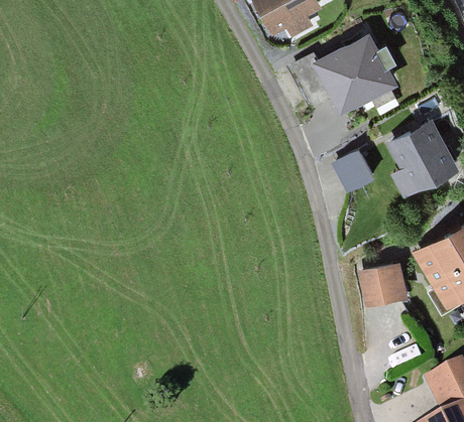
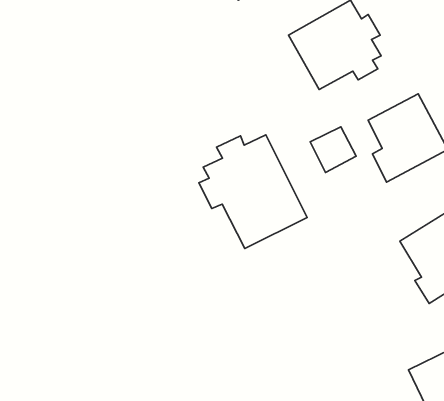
building: none -> [199,135,307,249]
building: [357,265,405,306] -> none

